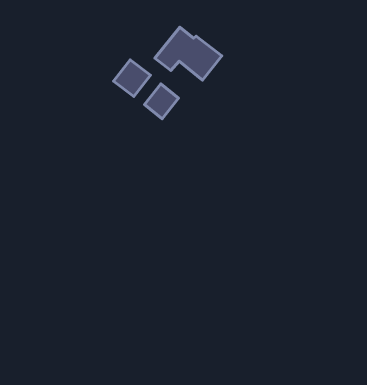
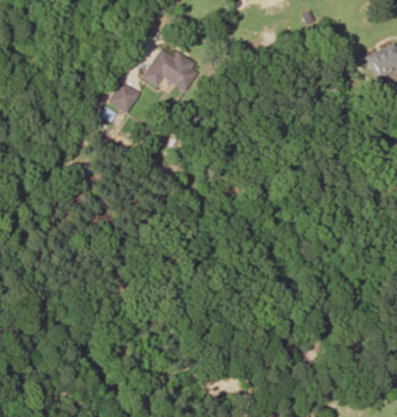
building: [145,84,178,119] -> none

